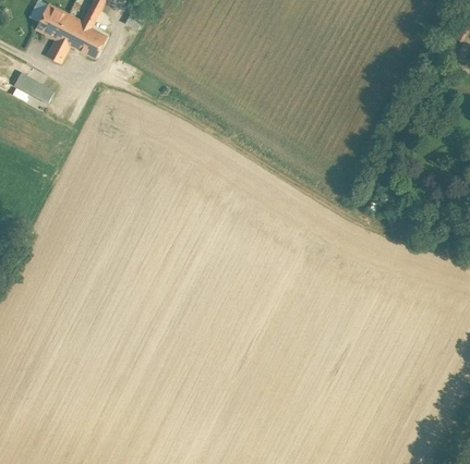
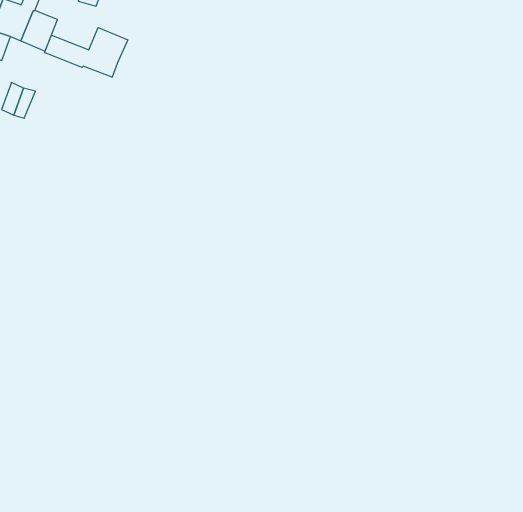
building: none -> [45,28,128,77]

